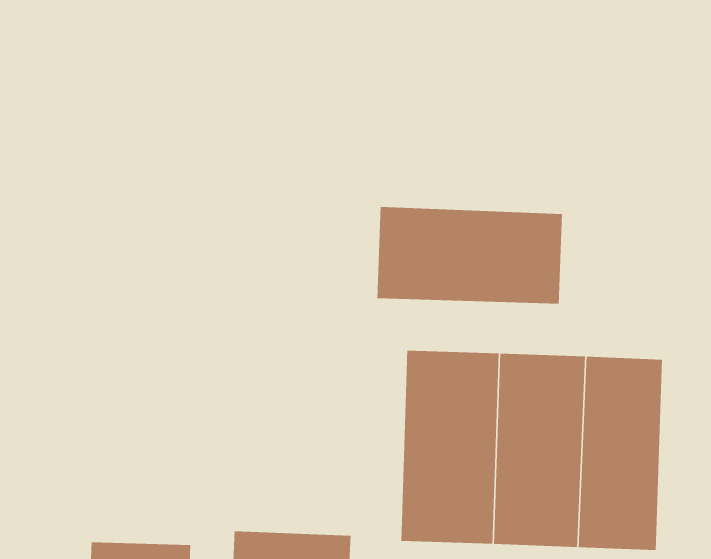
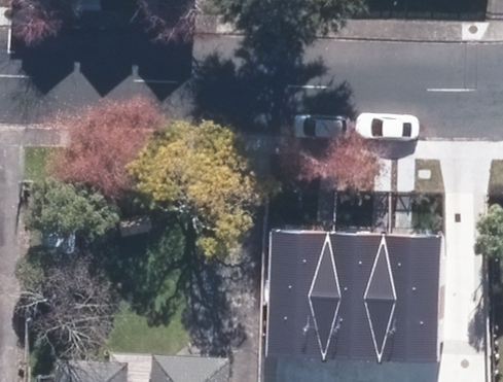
building: [376,206,563,305] -> none

